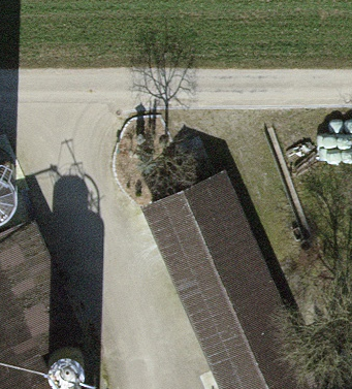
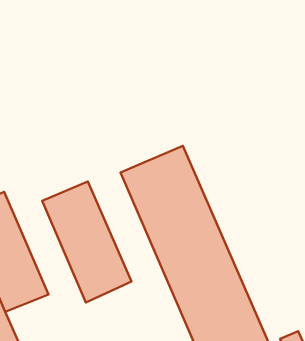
building: none -> [42,181,132,303]

